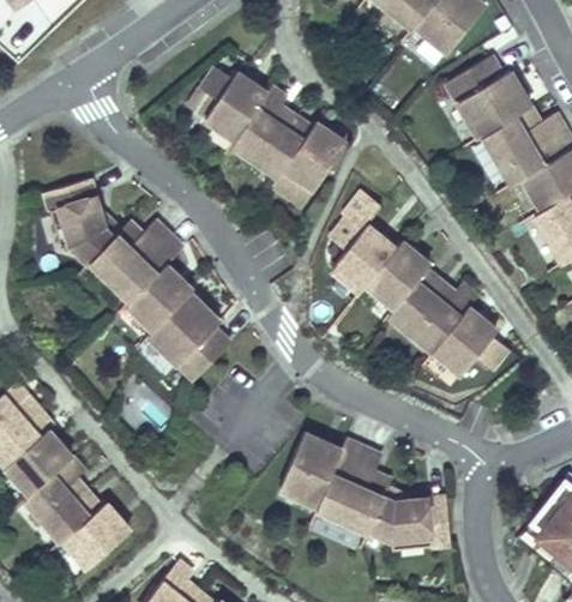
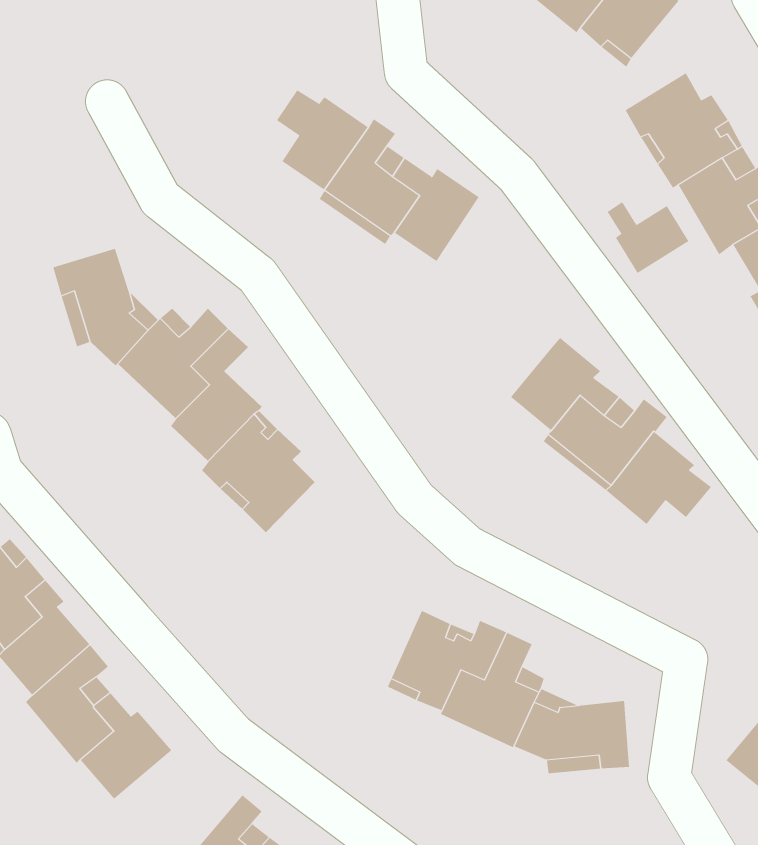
building: none -> [607,202,689,274]
building: [330,217,395,290] -> none

